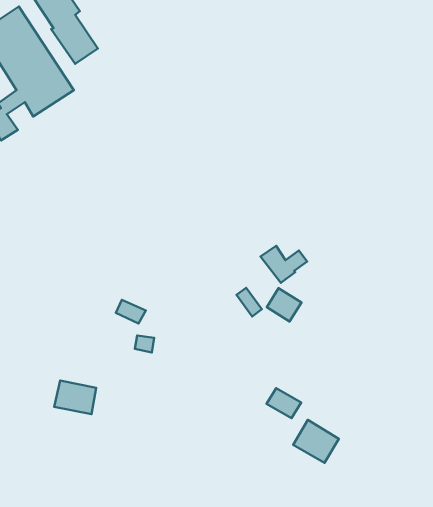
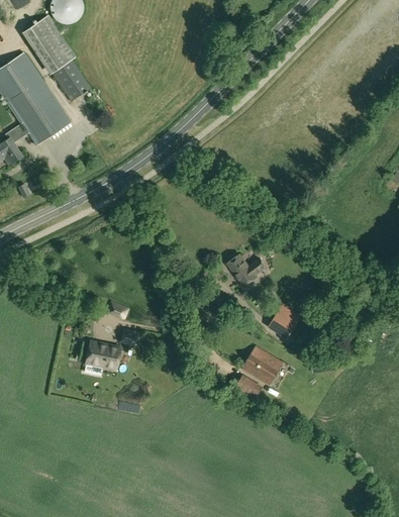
building: [267,288,301,322] -> [271,306,300,334]
building: [54,381,96,414] -> [85,340,120,369]
building: [293,420,339,463] -> [243,346,282,383]

